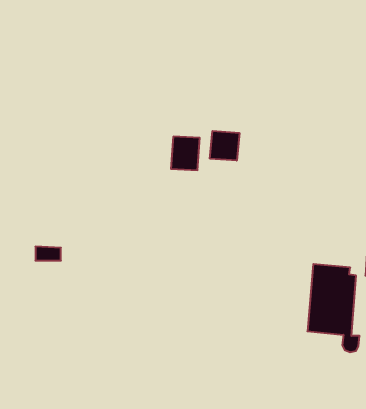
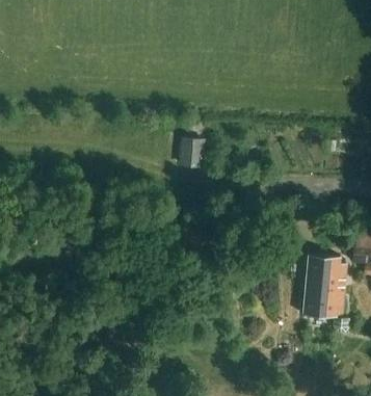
building: [210,131,239,161] -> none

